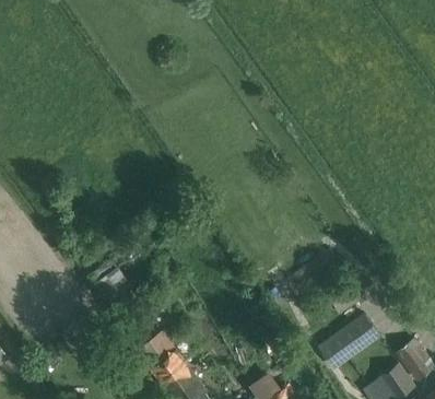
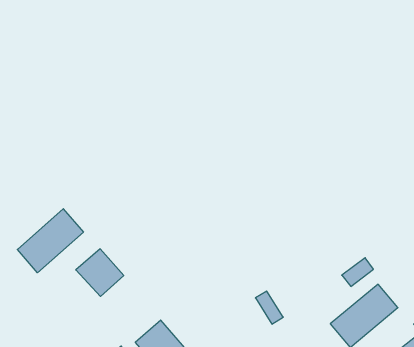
building: none -> [17,209,83,273]

